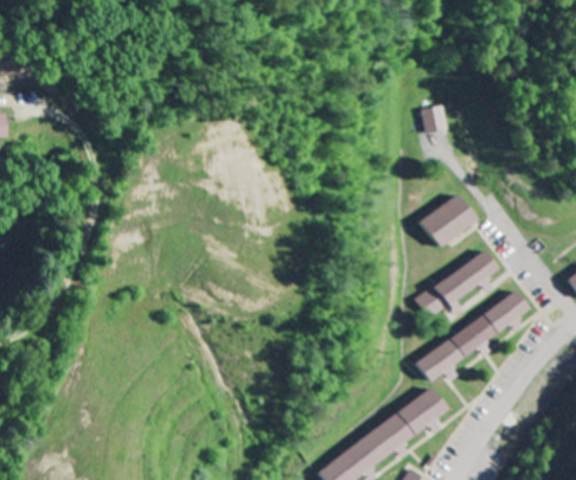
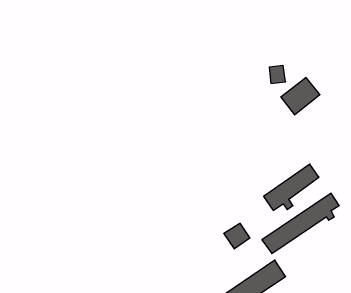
building: [421,194,478,249] -> [281,78,320,115]
building: none -> [224,223,250,249]

